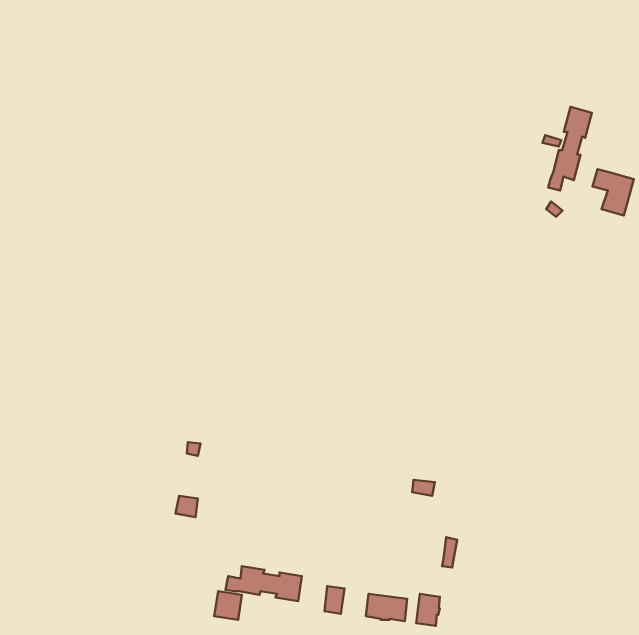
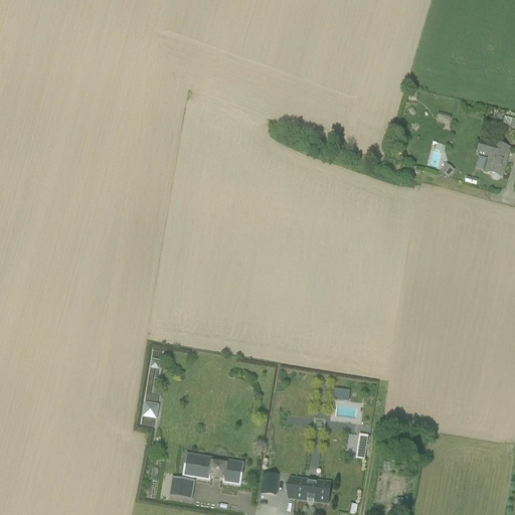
building: [548,107,592,191] -> none
building: [416,594,440,626] -> none

